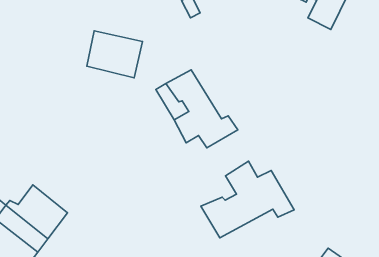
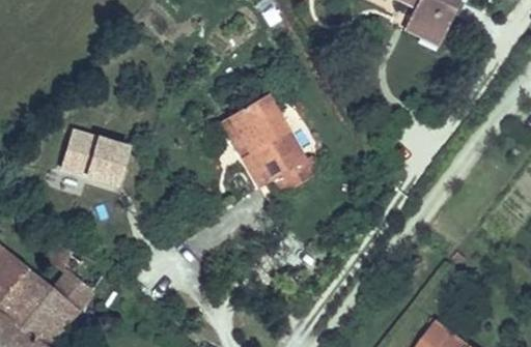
building: [87,31,142,78] -> [53,136,123,195]
building: [201,161,294,238] -> none

